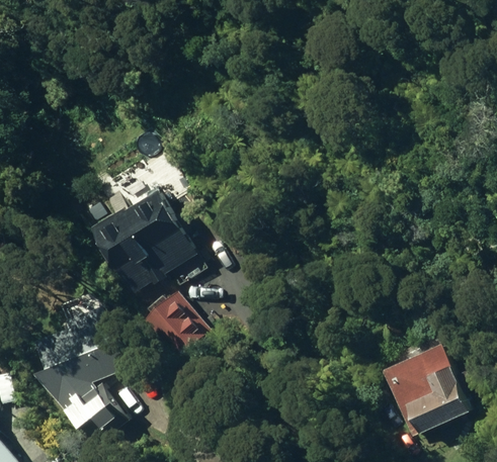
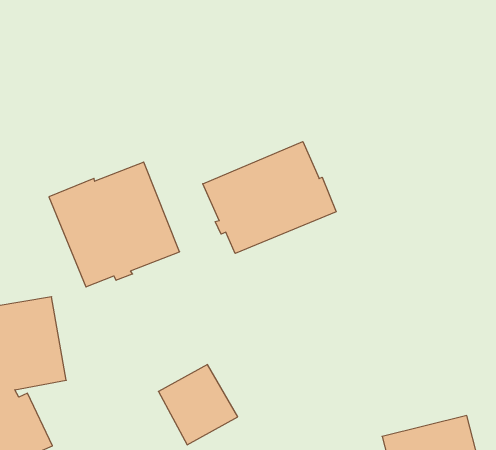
building: none -> [203,142,336,253]
building: [141,291,205,356] -> [158,365,238,445]

